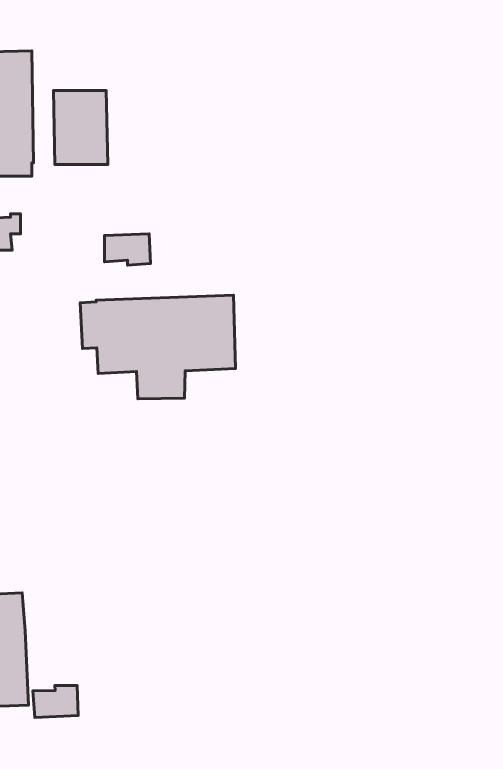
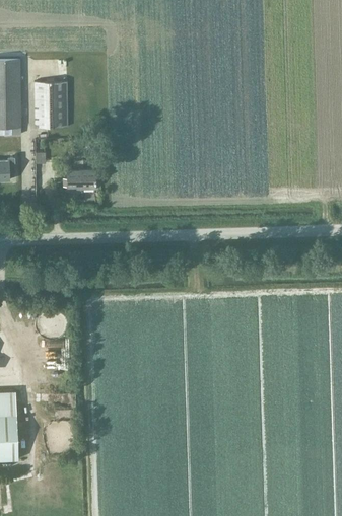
building: [80,295,236,399] -> none
building: [33,685,78,718] -> none

